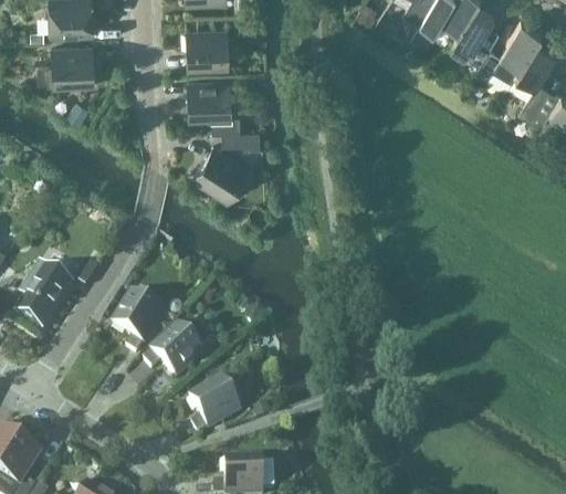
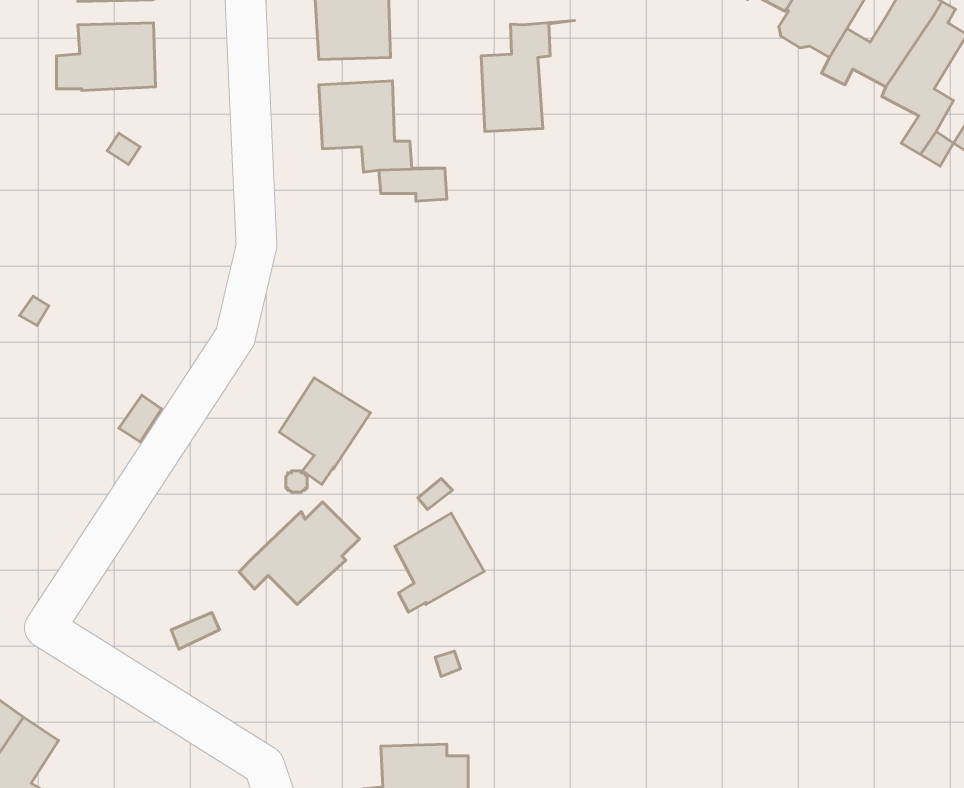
building: none -> [481,20,575,132]
building: [193,143,250,197] -> none
building: [14,261,72,329] -> none
building: [112,291,164,351] -> [279,378,370,484]
building: [189,376,240,432] -> [395,513,484,612]

